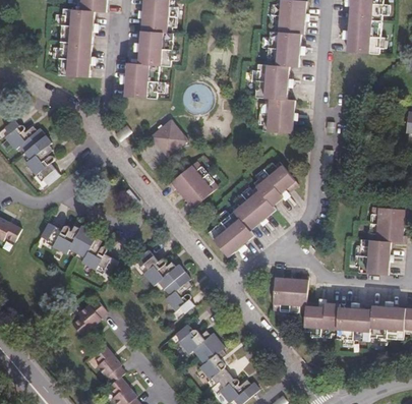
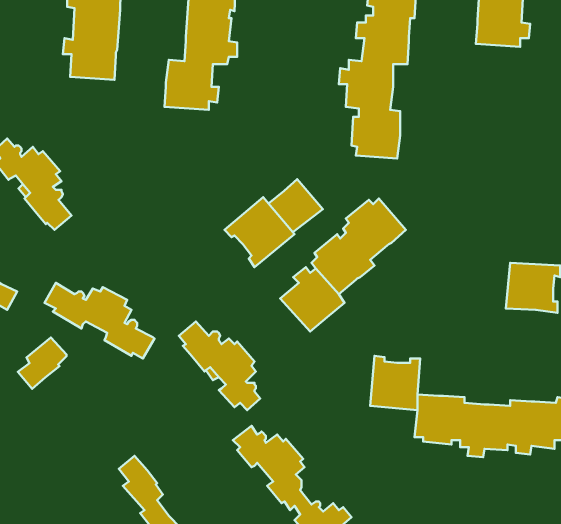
building: [150,118,188,156] -> [269,179,323,232]
building: [354,238,390,274] -> none
building: [72,299,107,336] -> [18,337,67,389]

